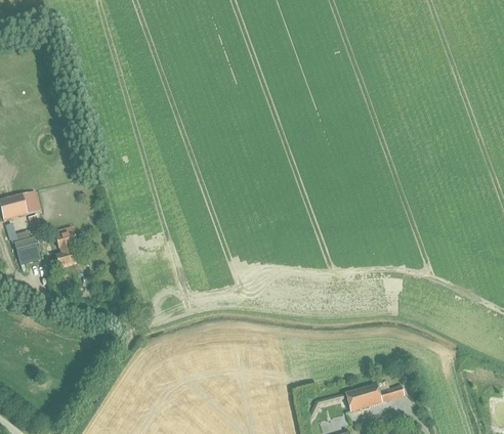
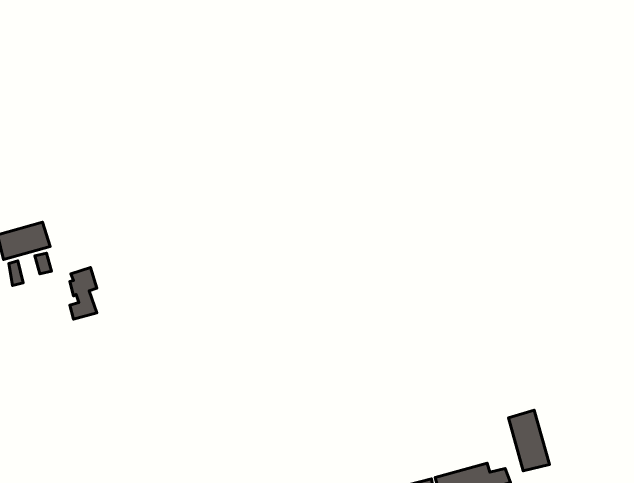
building: [15,237,41,265] -> none
building: none -> [509,410,550,471]

